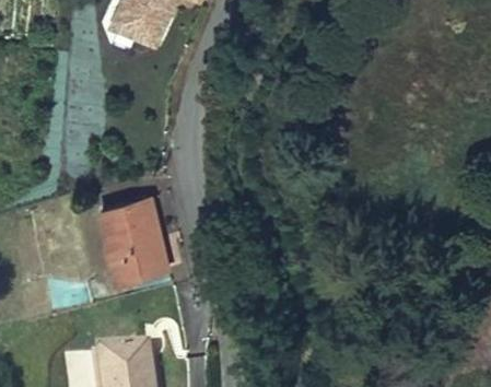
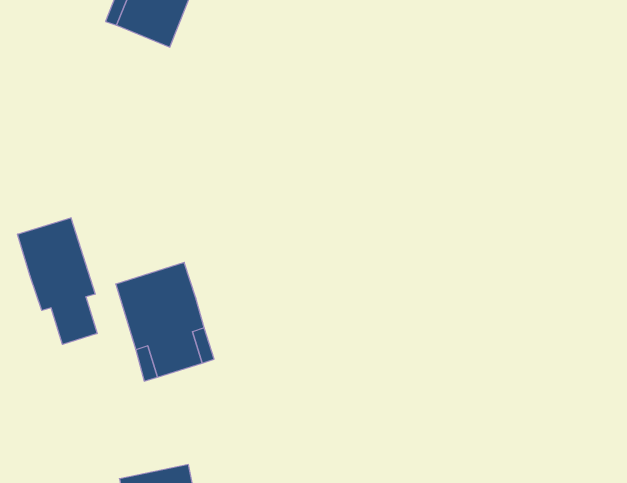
building: none -> [18,218,97,344]

